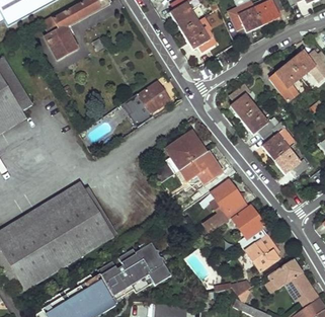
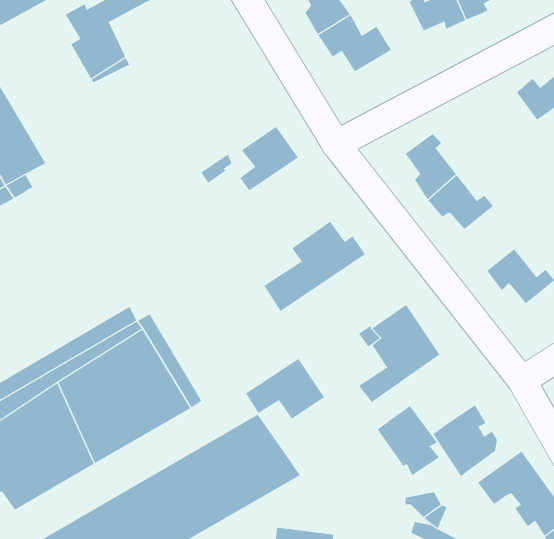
building: [268,63,300,102] -> none
building: [260,125,293,160] -> none
building: [179,151,223,184] -> [245,358,325,419]
building: [232,205,266,243] -> [377,405,440,476]

